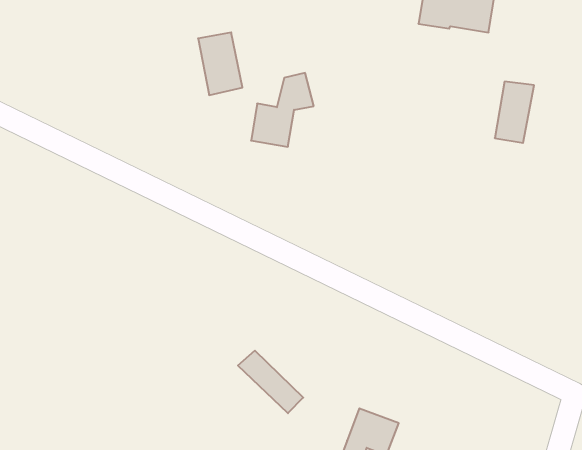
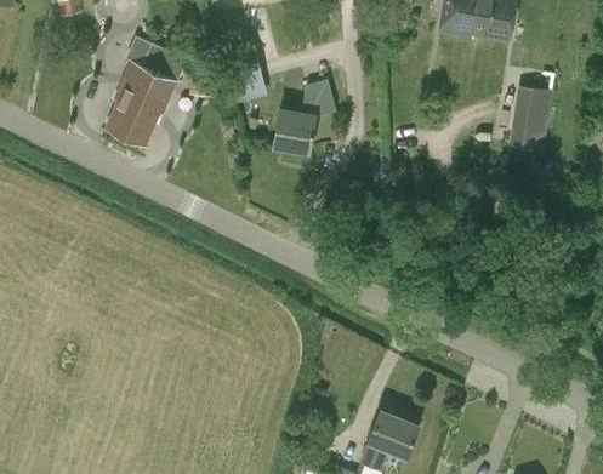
building: none -> [104,36,186,145]
building: [238,351,303,413] -> none

